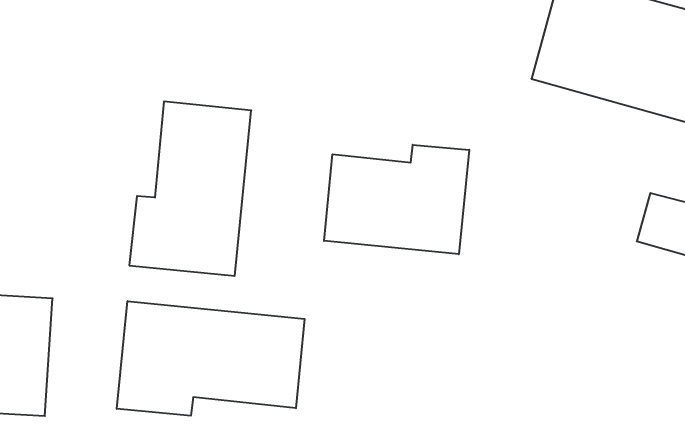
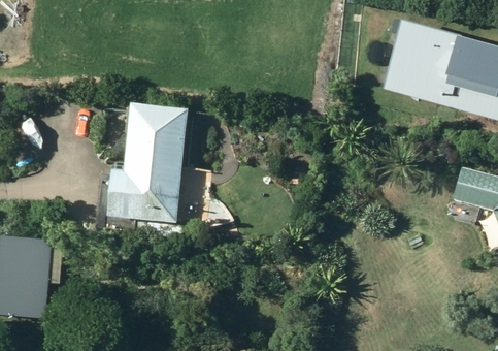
building: [324,145,469,254] -> none
building: [117,301,305,416] -> none

